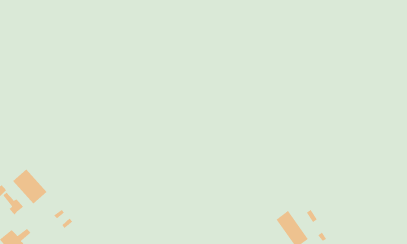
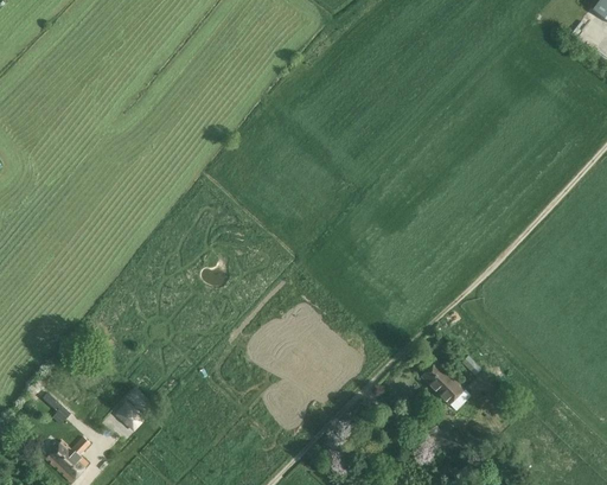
building: [12,169,47,205] -> none

